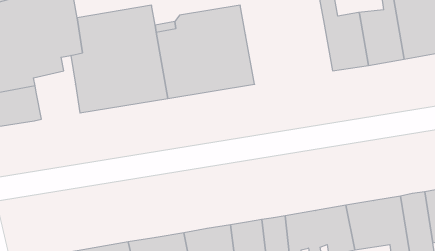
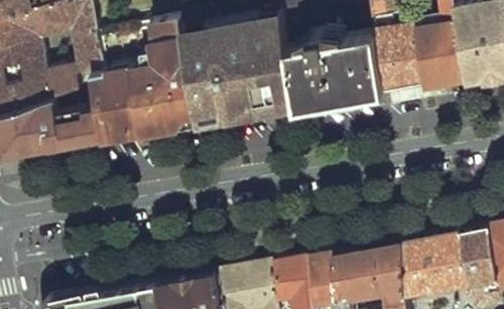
building: none -> [289,35,387,107]
building: none -> [53,107,103,146]

